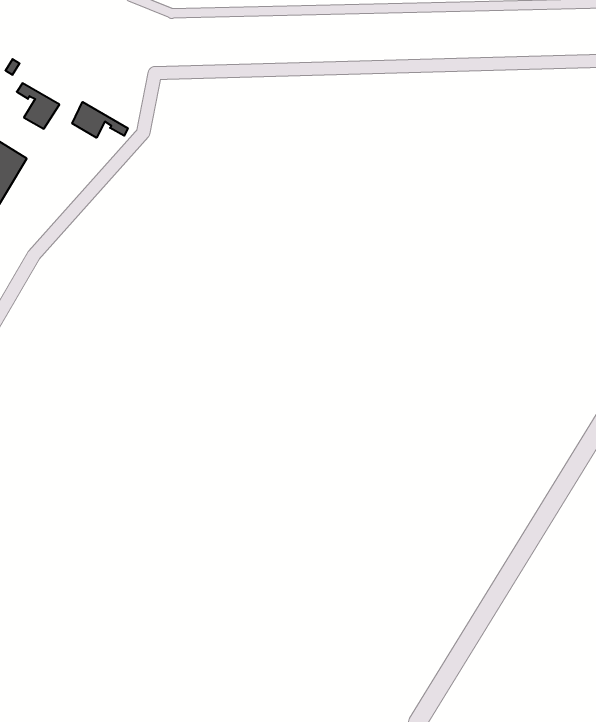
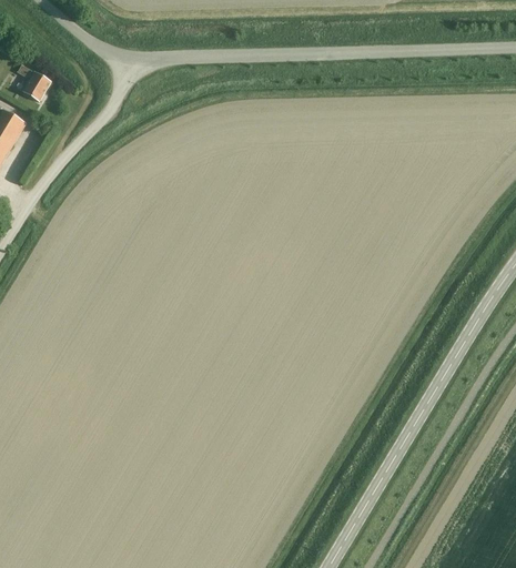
building: [72,102,128,138] -> none

